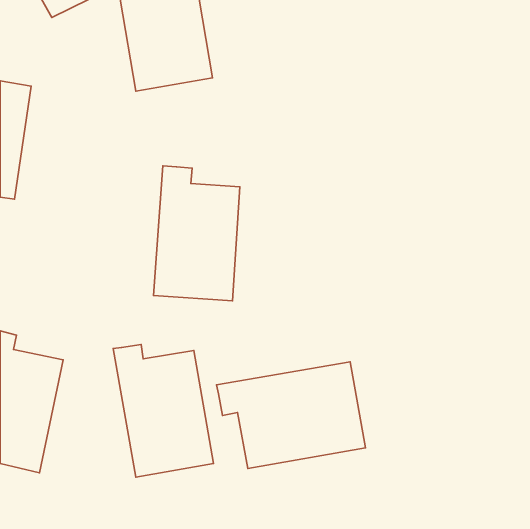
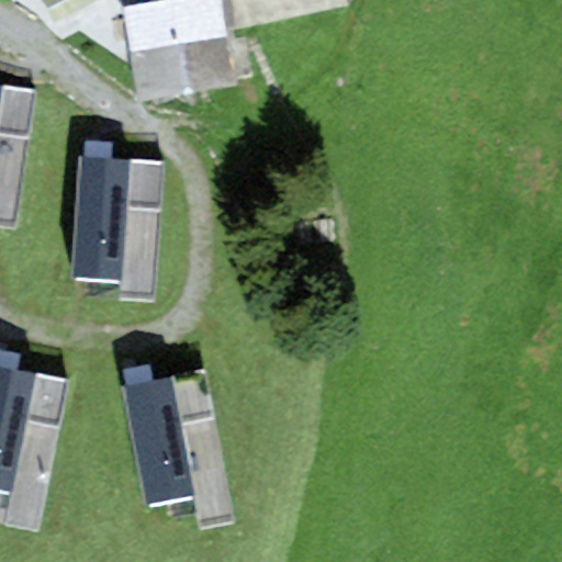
building: [154,166,240,301] -> [71,140,162,283]
building: [217,362,365,468] -> none

